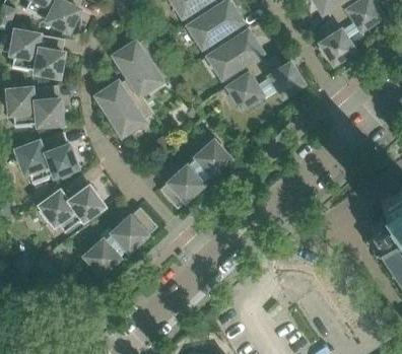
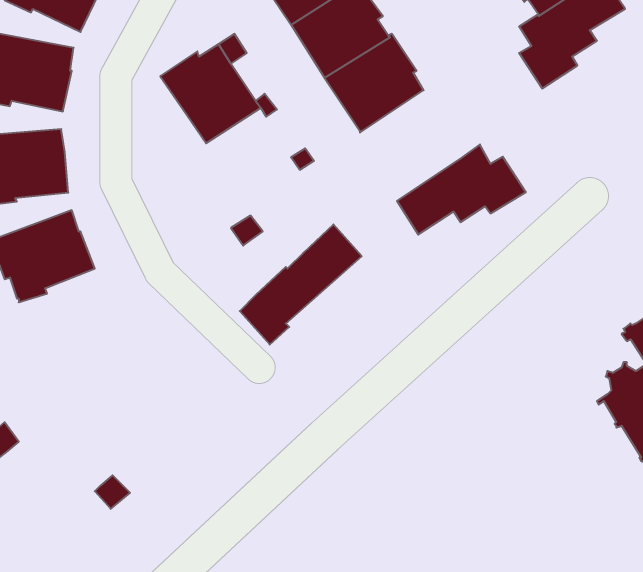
building: [228,56,303,108] -> [397,144,526,235]
building: [96,78,153,135] -> none
building: [41,176,103,235] -> none
building: [85,208,157,275] -> none

